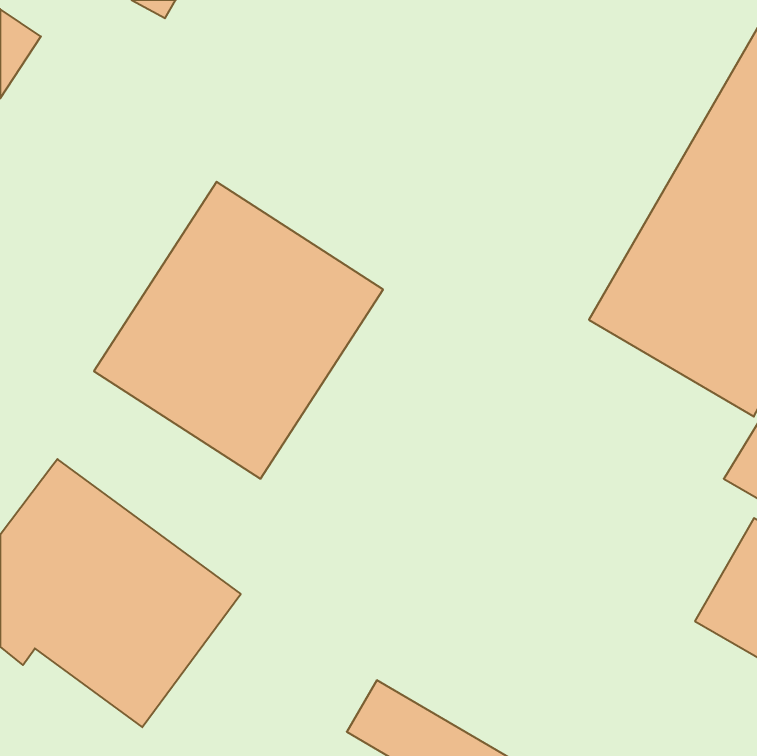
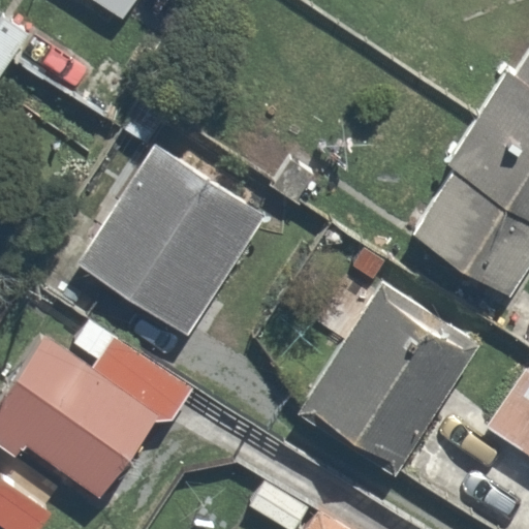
building: none -> [299,286,480,475]

